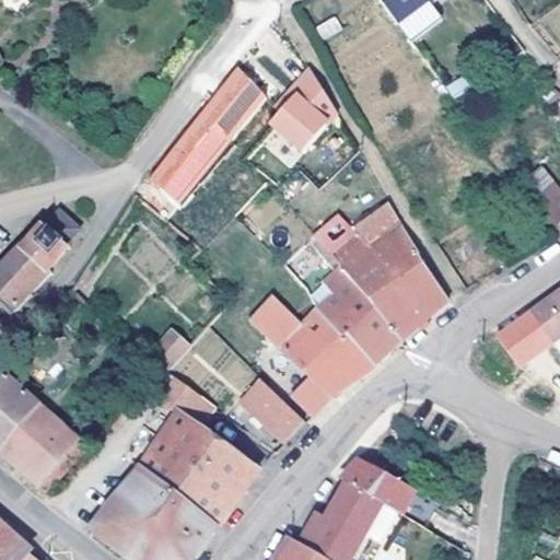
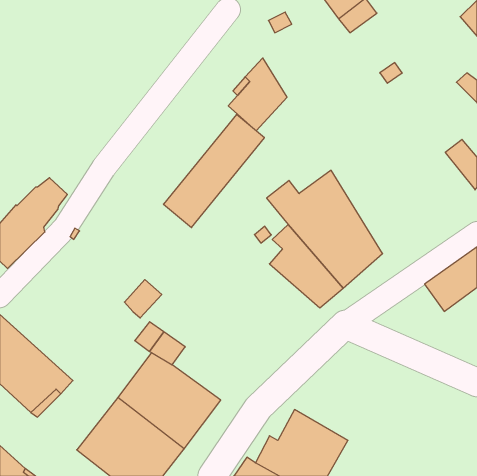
building: [147,70,265,202] -> [163,114,264,228]
building: [248,294,374,413] -> none
building: [240,377,304,440] -> none
building: [340,457,440,526] -> none

